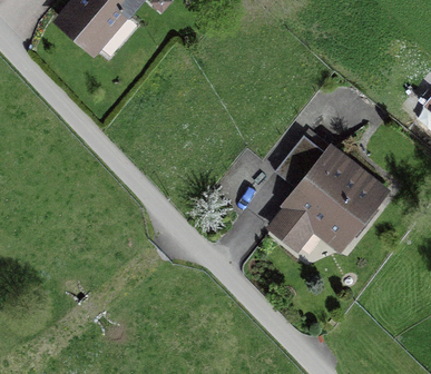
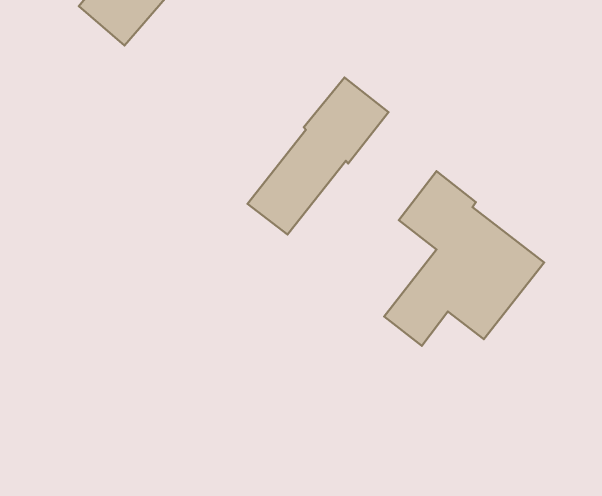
building: none -> [247,77,388,235]

